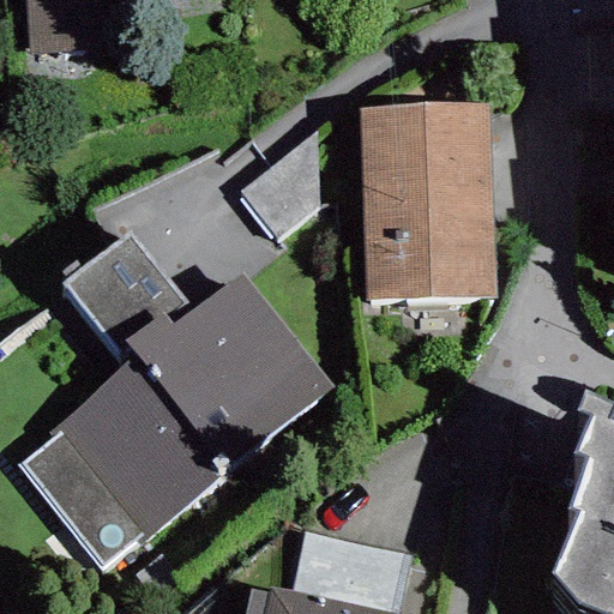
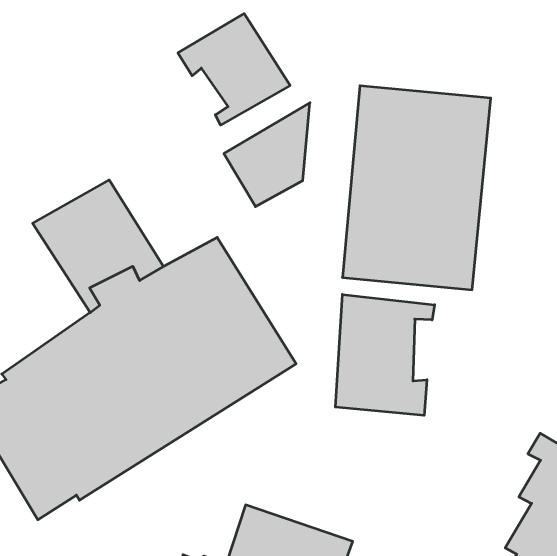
building: none -> [178,14,290,125]
building: none -> [335,294,435,415]

